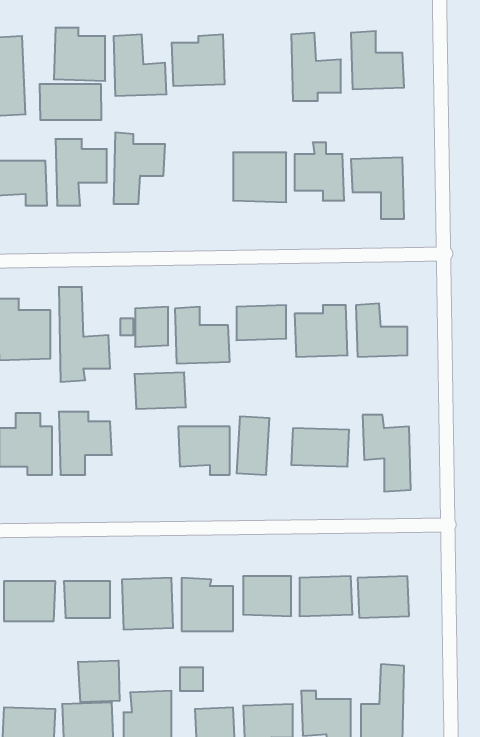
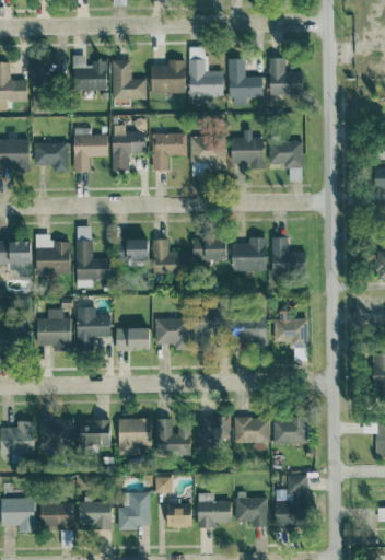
building: none -> [189,47,224,97]
building: [40,84,101,120] -> none
building: none -> [152,133,187,171]
building: [134,372,186,409] -> [116,327,150,351]
building: [78,660,119,702] -> none

